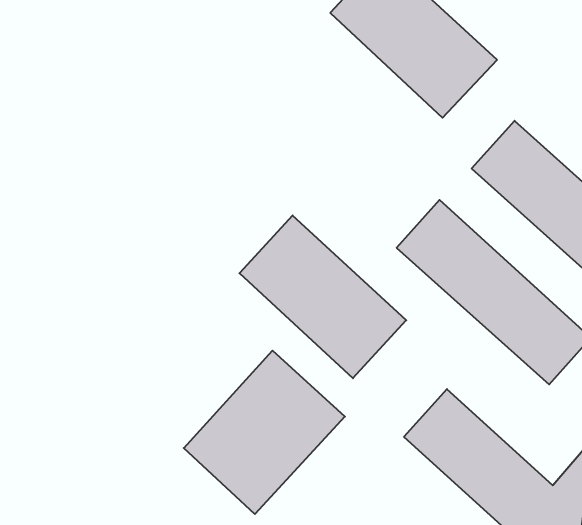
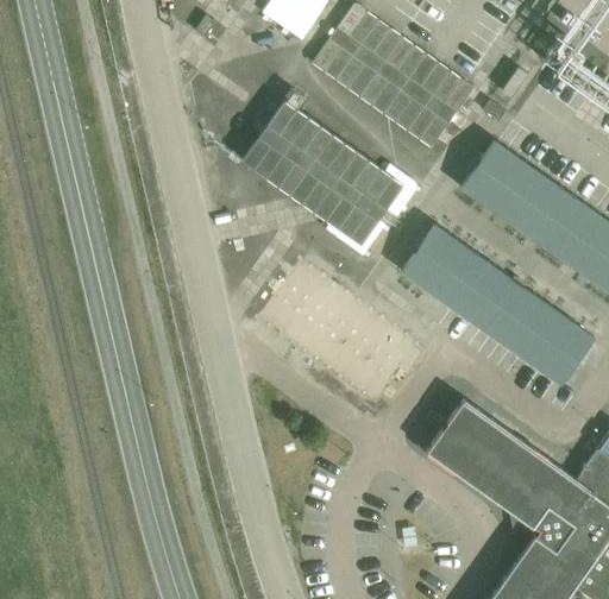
building: none -> [243,99,407,241]
building: [184,351,345,514] -> none

